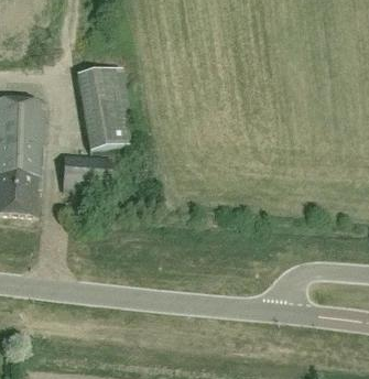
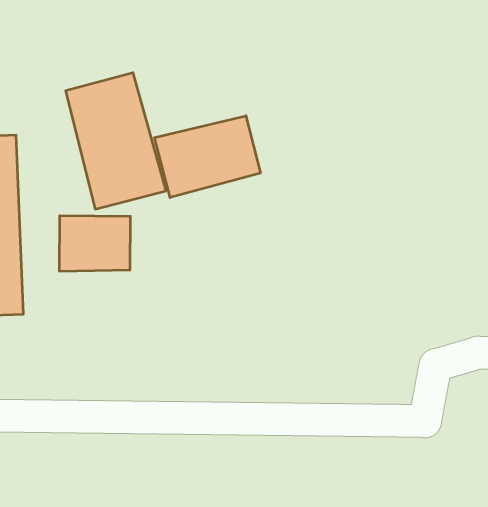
building: none -> [154,116,260,198]

